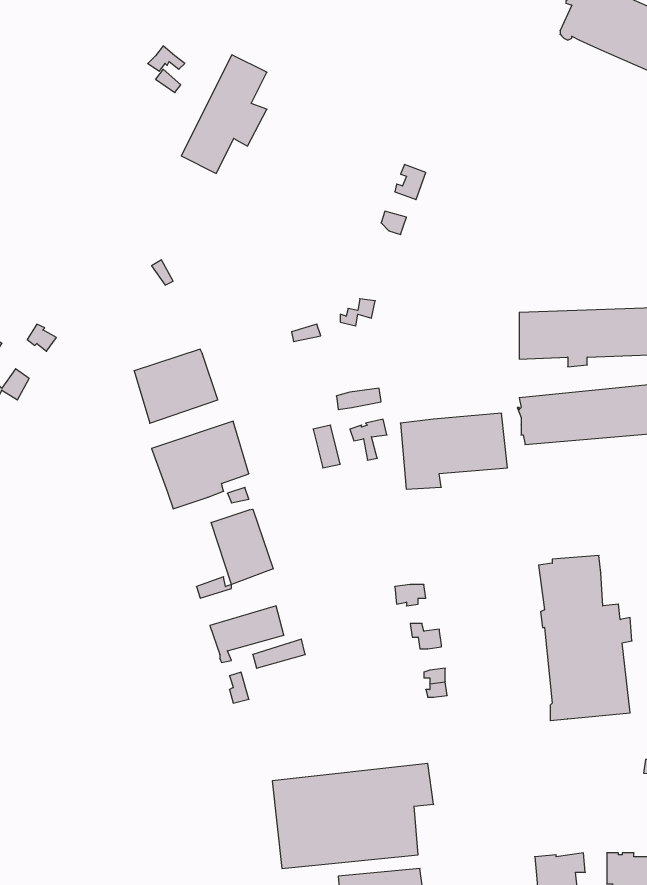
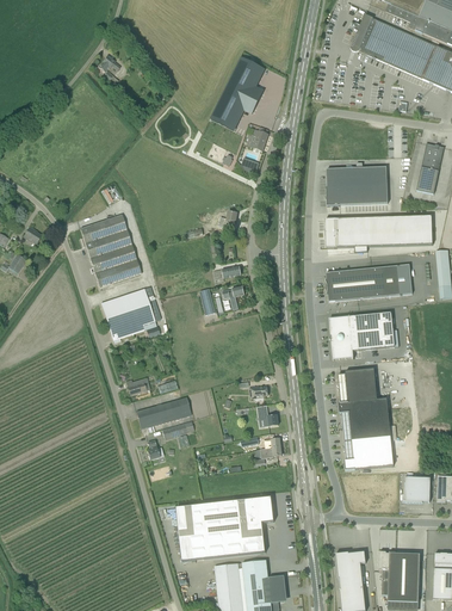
building: [181,55,267,173] -> [211,56,264,129]
building: none -> [327,166,388,204]
building: none -> [80,214,130,254]
building: [400,413,507,489] -> [329,311,395,358]
building: [211,509,273,585] -> none

